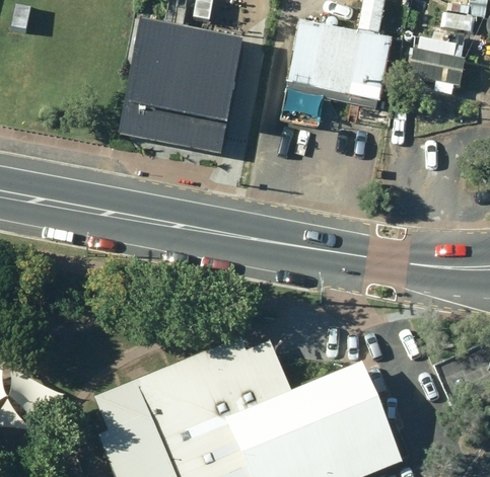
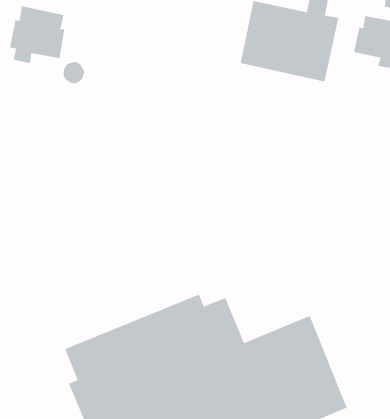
building: none -> [10,6,65,64]
building: [124,32,244,150] -> none

